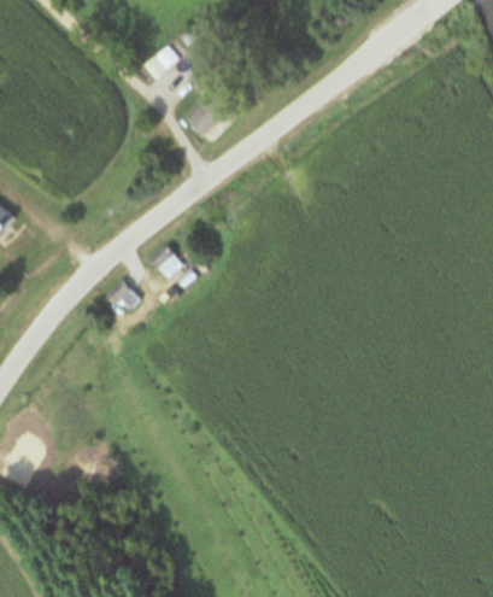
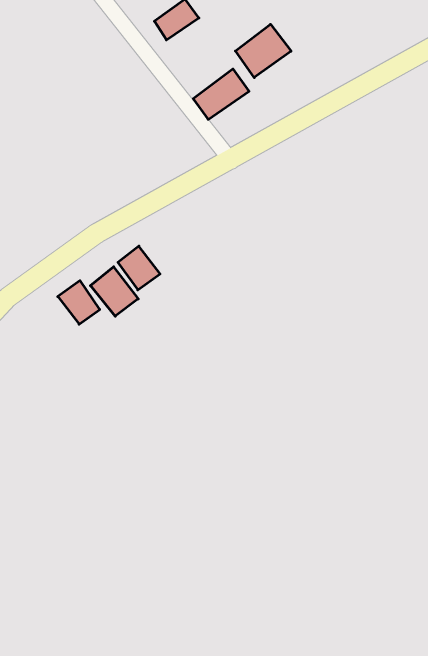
building: none -> [235,24,291,78]
building: none -> [90,267,138,316]

